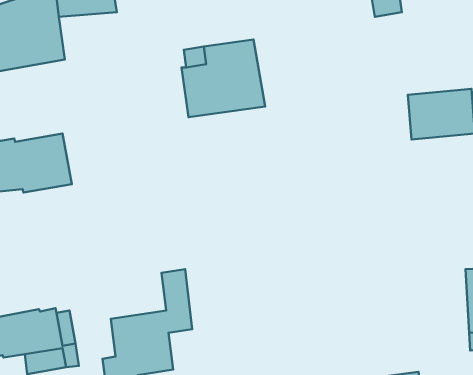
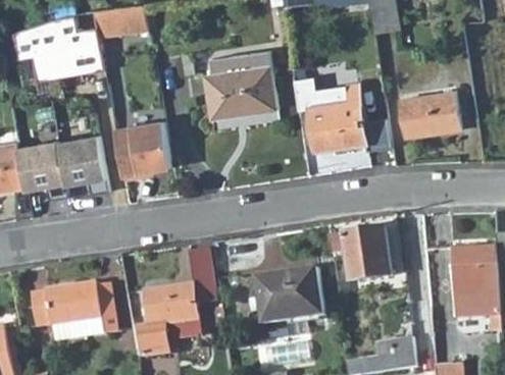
building: none -> [294,76,366,150]
building: none -> [115,123,170,180]
building: none -> [327,229,390,283]
building: none -> [257,271,324,326]

